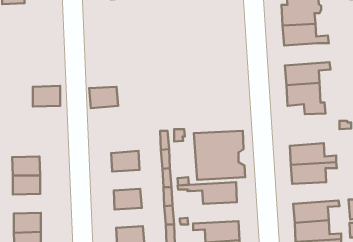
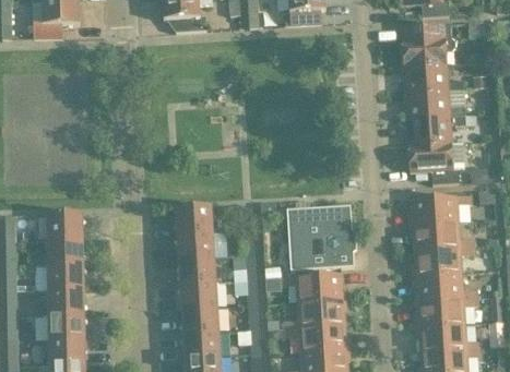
building: none -> [405,89,465,119]
building: [33,86,60,107] -> [46,213,82,240]
building: [89,87,118,108] -> [175,206,213,235]
building: none -> [411,194,472,225]
building: none -> [178,256,215,284]
building: none -> [416,273,477,301]
building: none -> [47,288,84,314]
building: none -> [285,299,345,327]
building: none -> [181,307,218,333]

